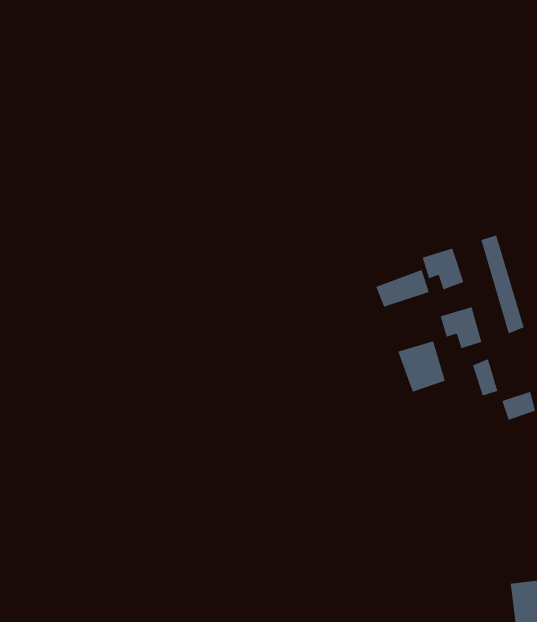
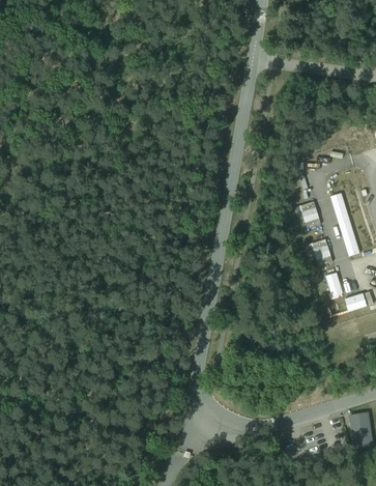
building: [376,269,429,308] -> none
building: [398,340,446,392] -> none

